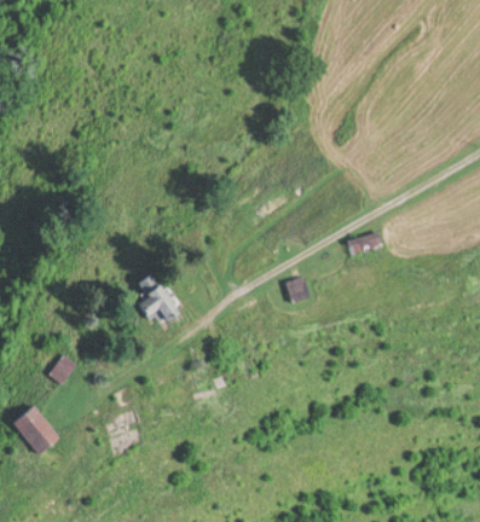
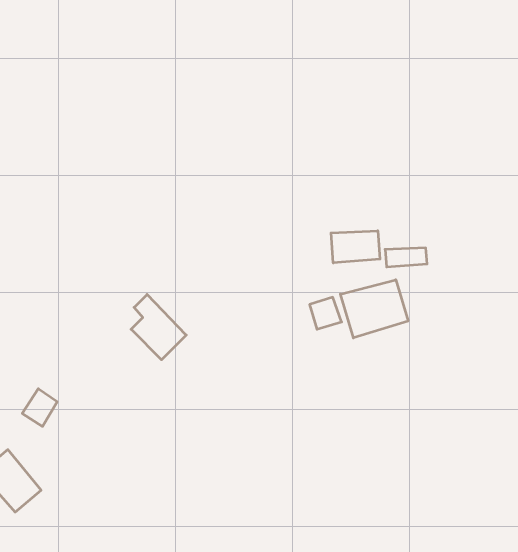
building: none -> [331,231,380,263]
building: none -> [340,280,408,338]

